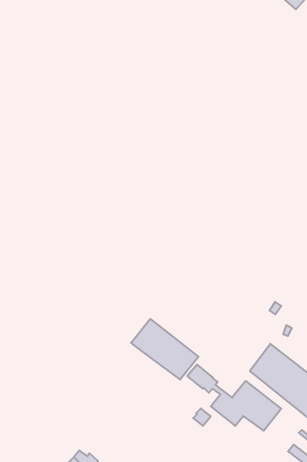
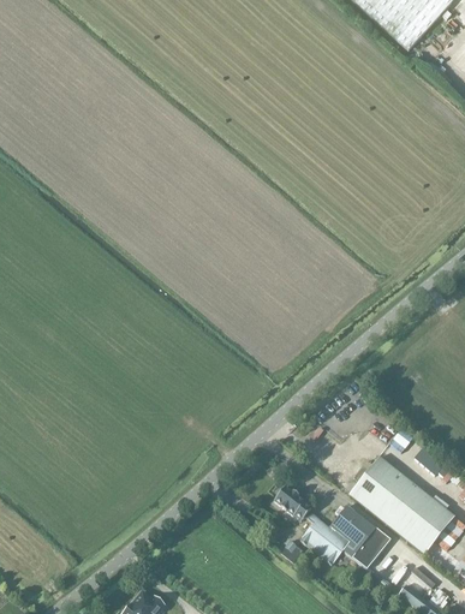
building: [131,319,199,380] -> none

